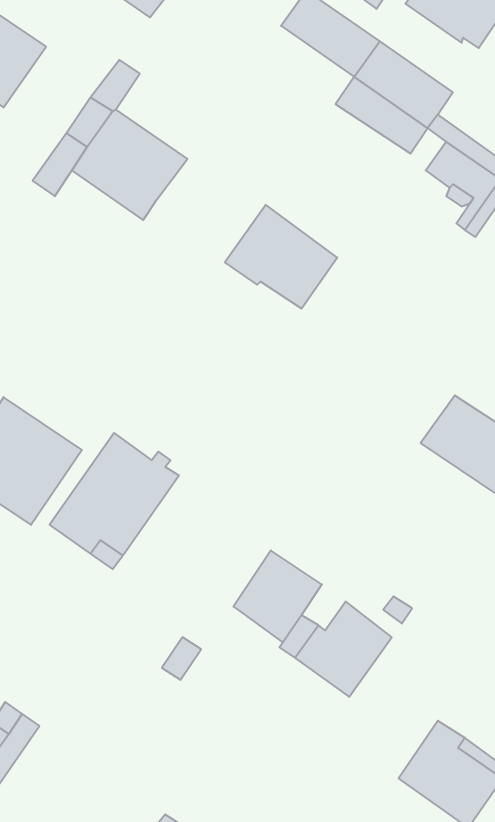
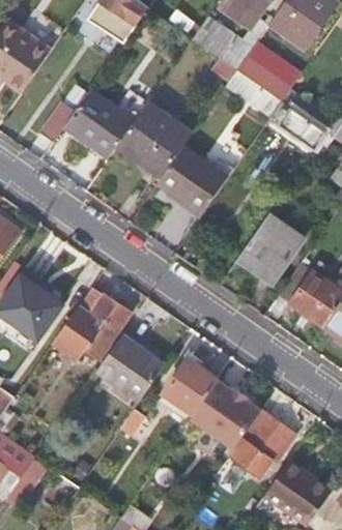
building: none -> [117,101,193,176]
building: none -> [240,211,302,275]
building: none -> [97,337,162,399]
building: none -> [229,410,295,476]

